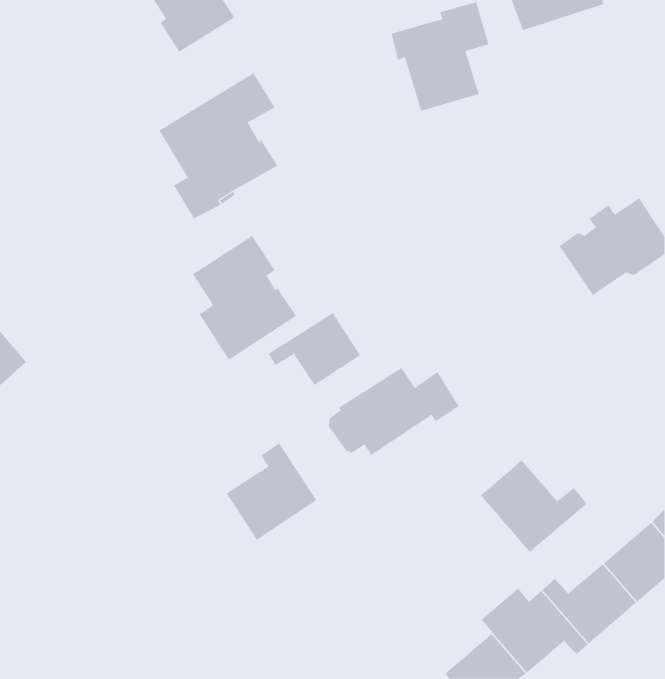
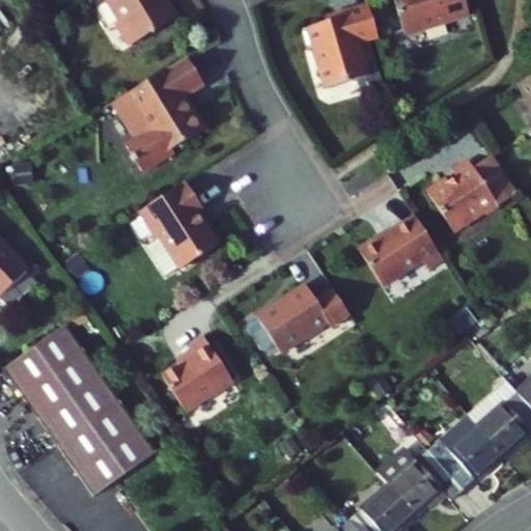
building: none -> [361,214,447,284]
building: [268,312,361,386] -> none
building: none -> [9,324,162,495]
building: [480,460,588,553] -> none

